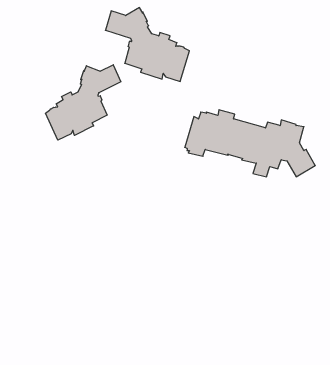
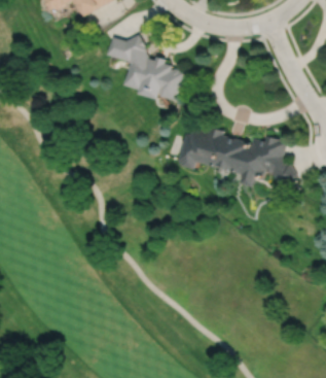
building: [46,65,121,140] -> none

